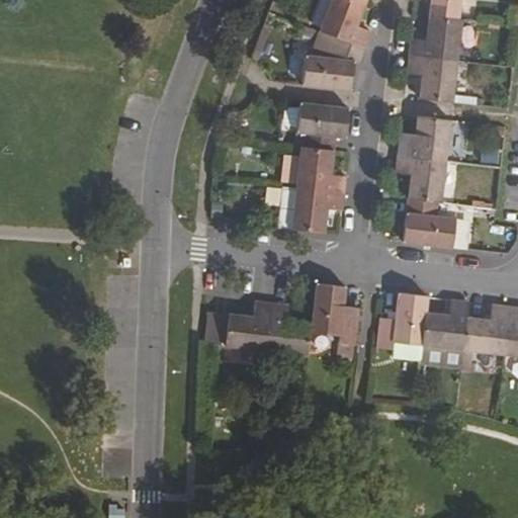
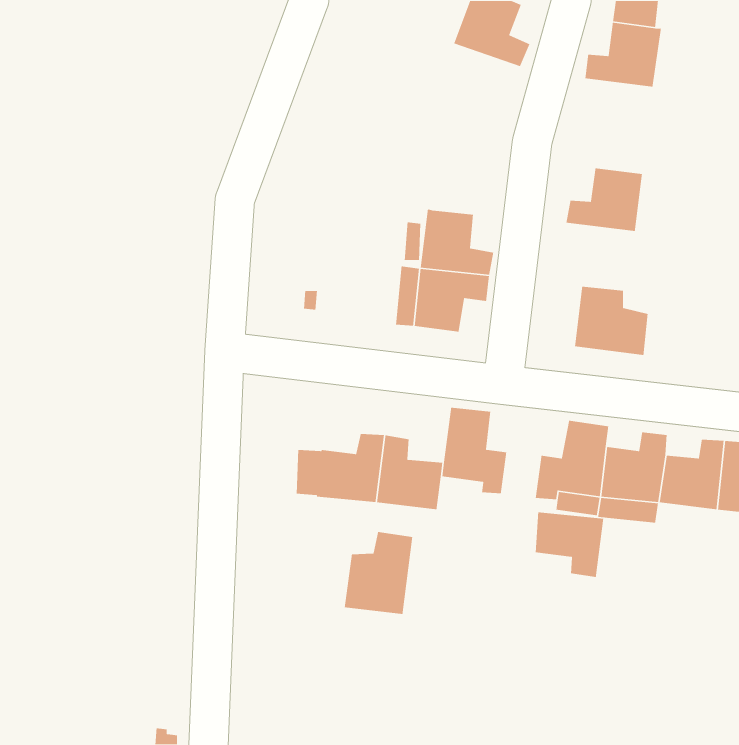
building: [303,36,365,89] -> none
building: [408,55,457,101] -> none
building: [295,101,350,149] -> none
building: [395,155,445,202] -> none
building: none -> [535,512,604,578]
building: none -> [344,531,413,615]

